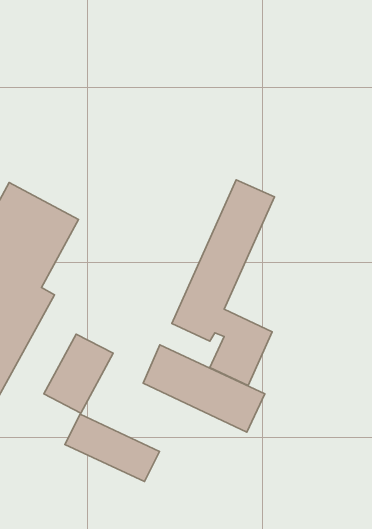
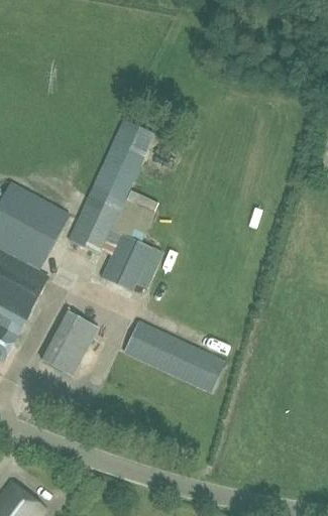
building: [172,180,274,386] -> [69,119,155,292]
building: [65,414,160,482] -> none

